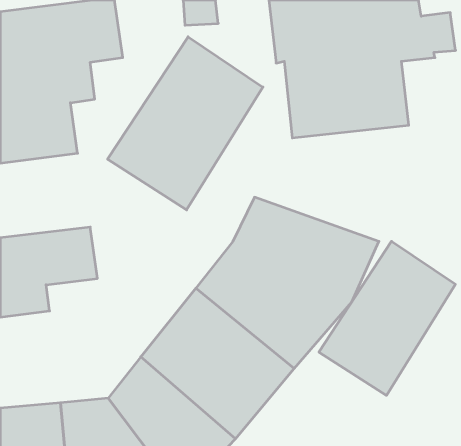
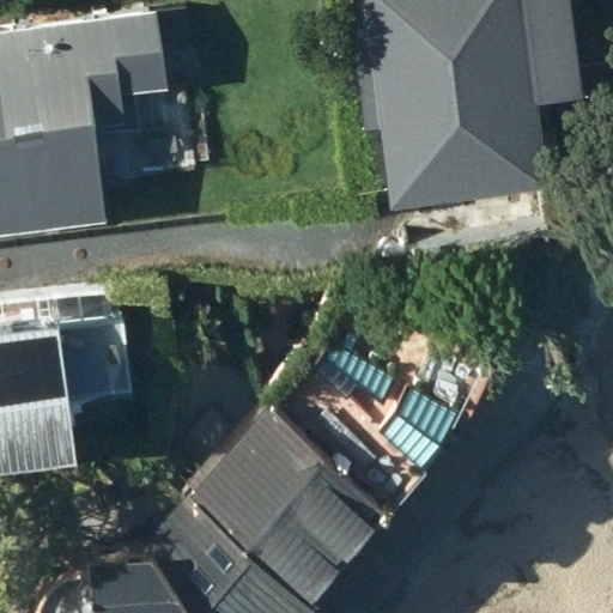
building: [108,37,263,210] -> none
building: [319,241,455,395] -> none

